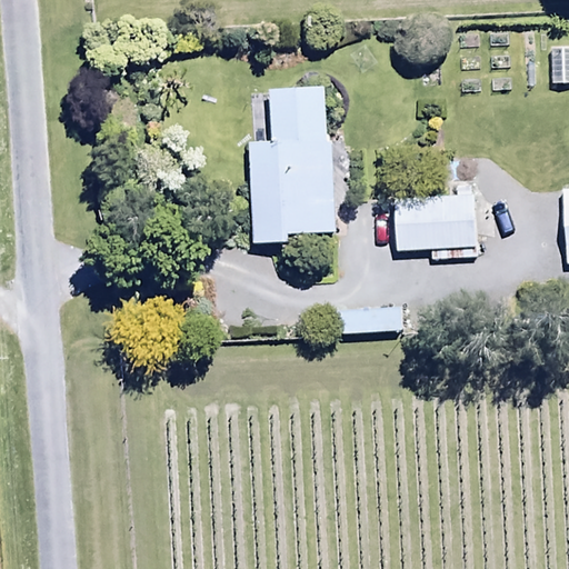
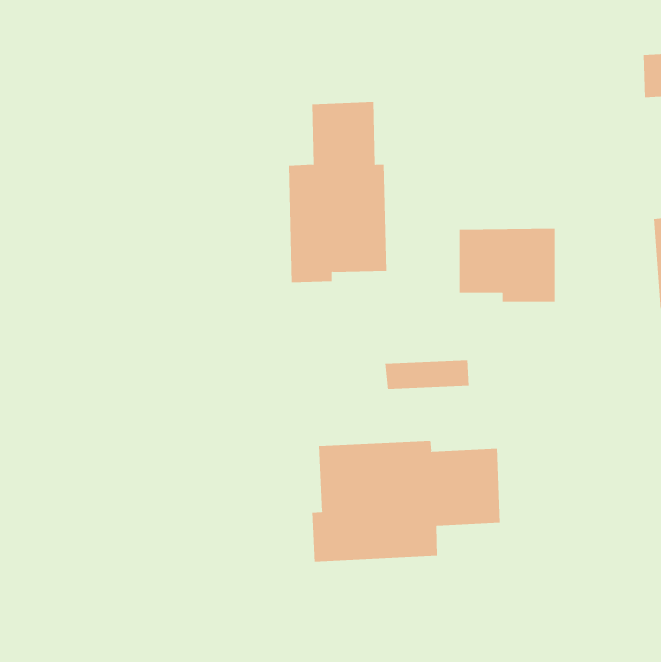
building: none -> [312,440,500,562]

